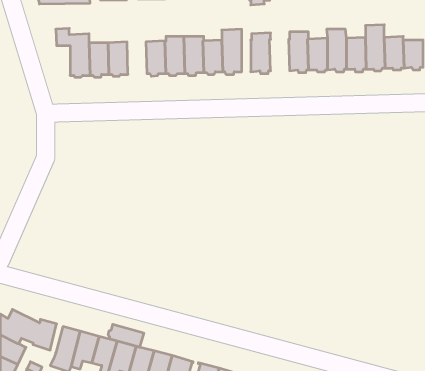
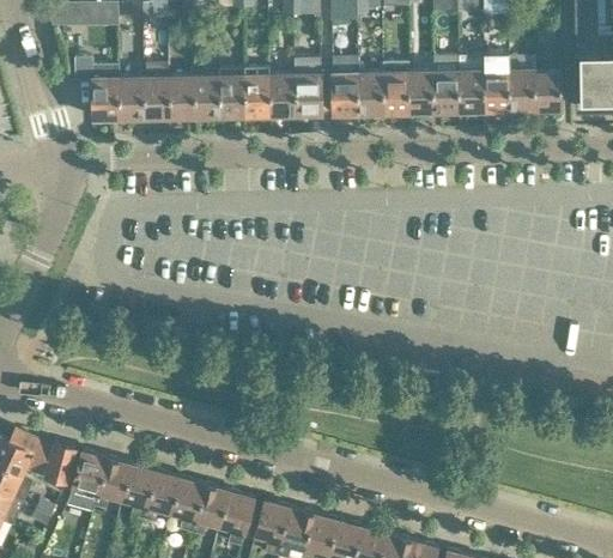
building: none -> [358,72,384,116]
building: none -> [169,75,195,121]
building: [108,324,144,347] -> none

